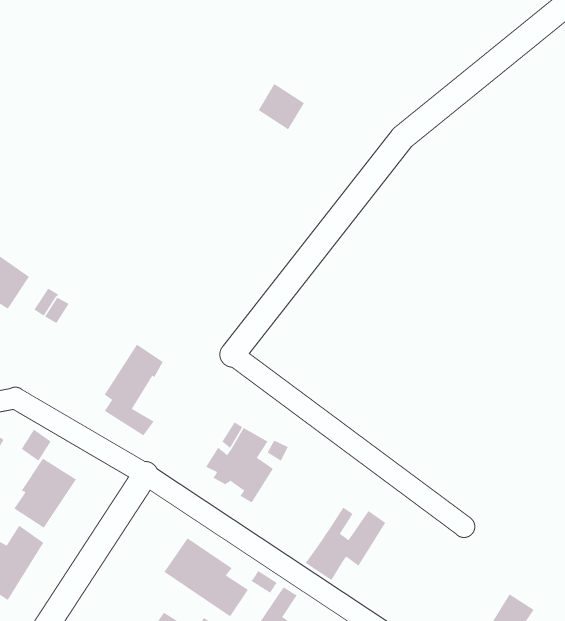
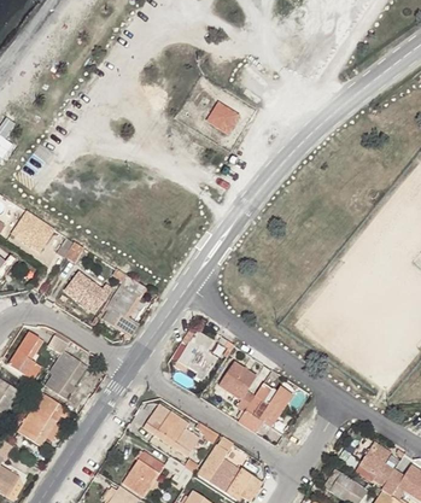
building: none -> [66,274,106,312]
building: none -> [220,362,258,411]

